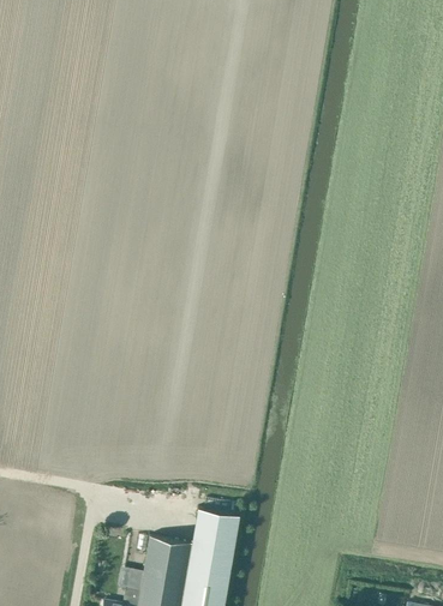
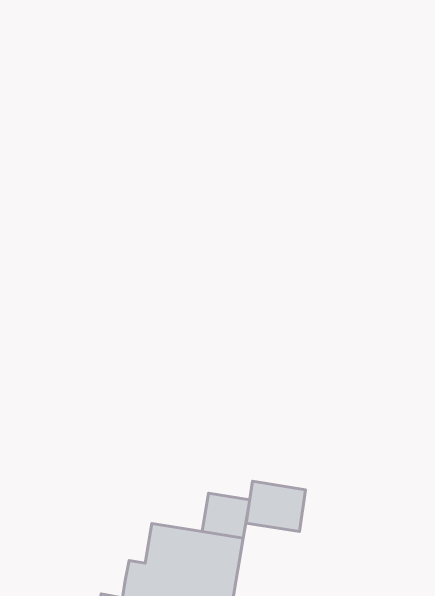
building: none -> [246,481,306,532]

